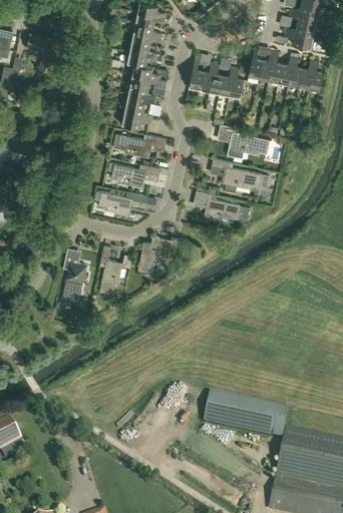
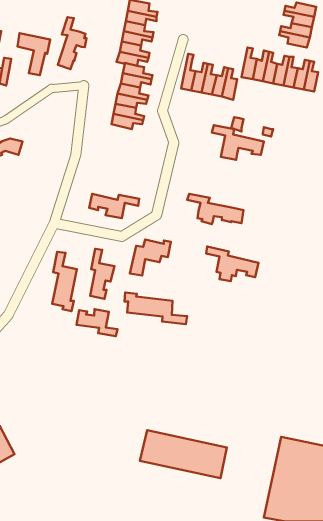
building: none -> [58,17,86,69]
building: [113,132,166,156] -> none
building: [212,157,263,191] -> [206,246,258,281]
building: [111,162,160,186] -> none
building: none -> [125,292,187,324]
building: none -> [77,309,117,336]
building: [204,392,289,439] -> [140,430,227,478]

